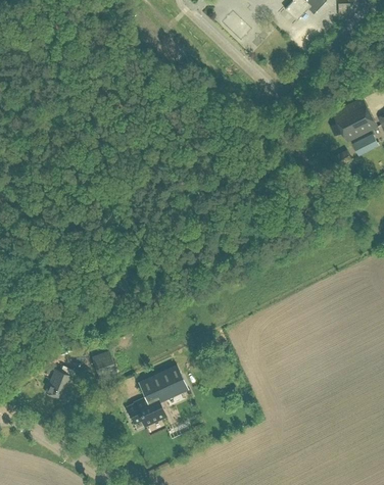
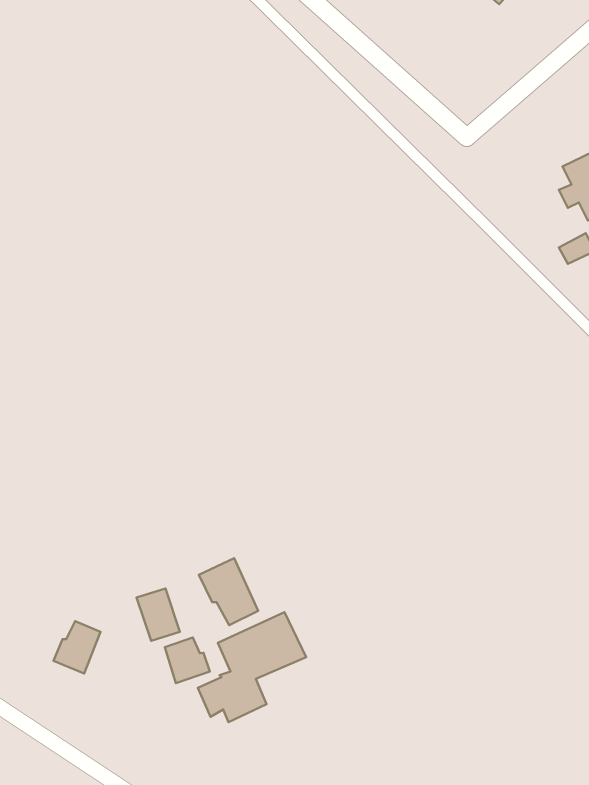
building: none -> [199,558,258,625]
building: none -> [165,637,210,683]

